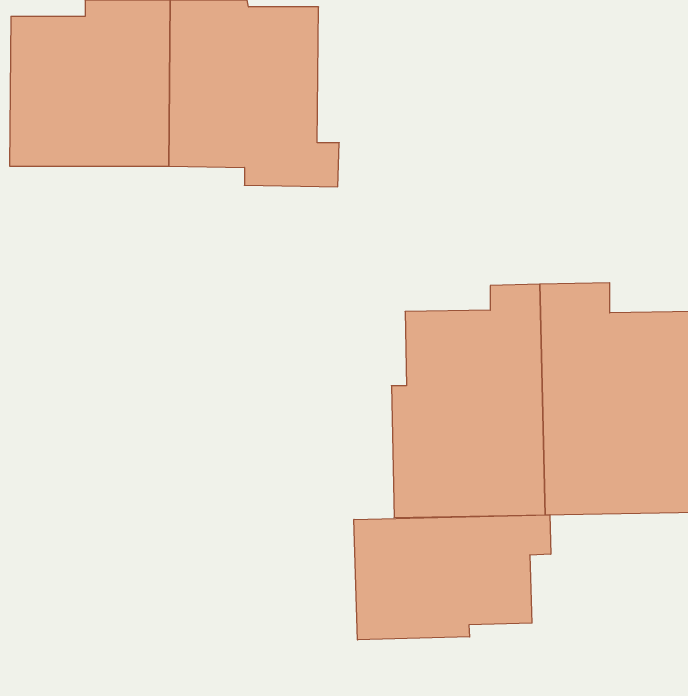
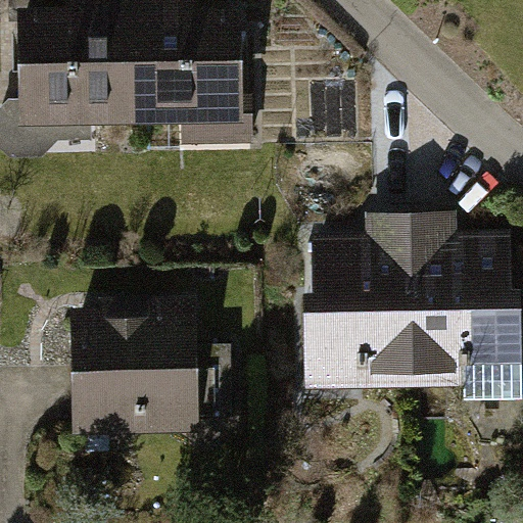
building: none -> [55,297,198,441]
building: [354,515,551,640] -> none

